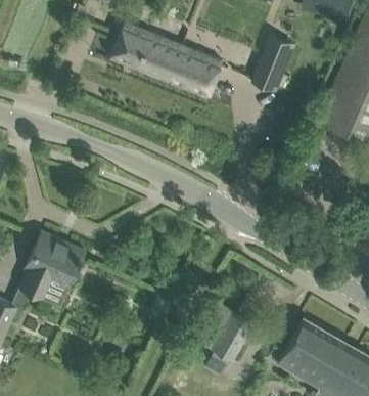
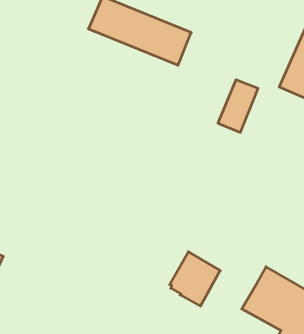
building: [252,36,296,93] -> [218,80,258,132]
building: [20,233,84,297] -> none

